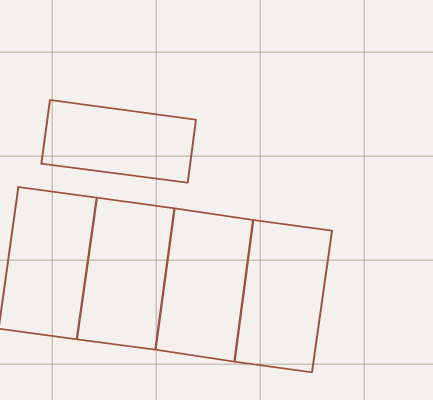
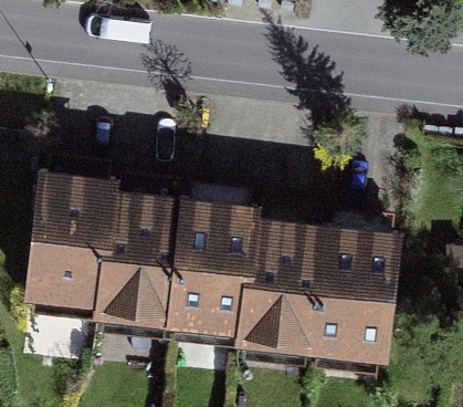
building: [42,100,196,183] -> none
building: none -> [314,220,407,363]

